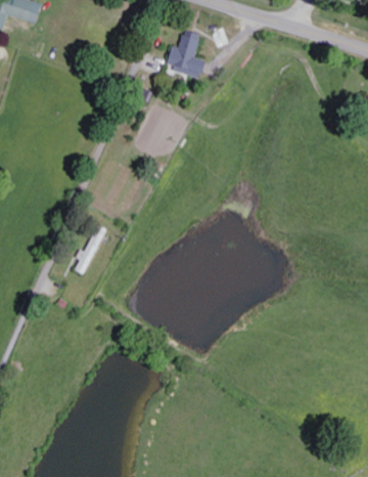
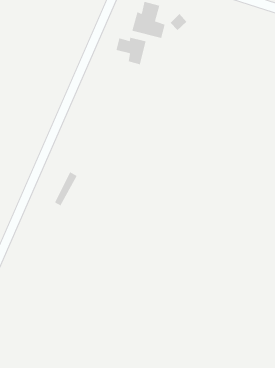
building: none -> [116,37,146,65]

